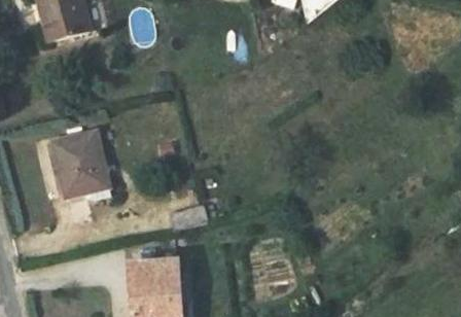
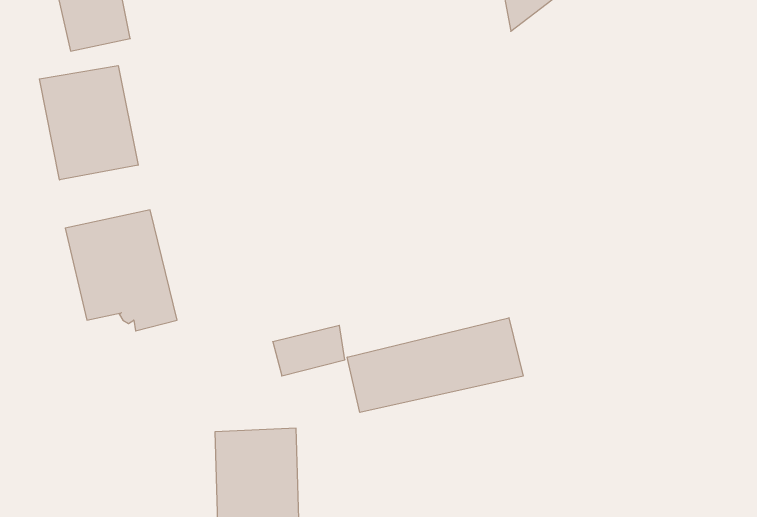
building: none -> [39,66,138,180]
building: none -> [347,318,523,412]

